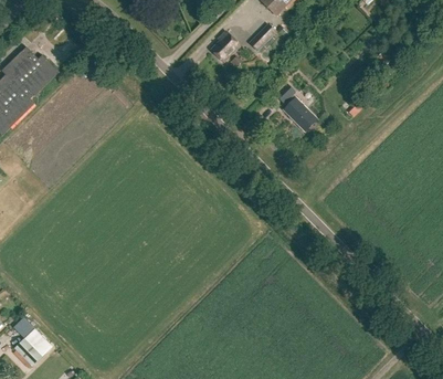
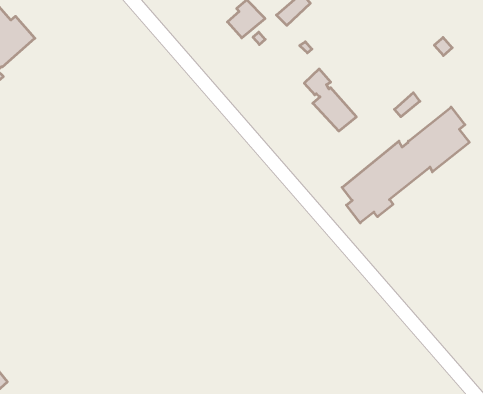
building: none -> [342,107,469,223]

